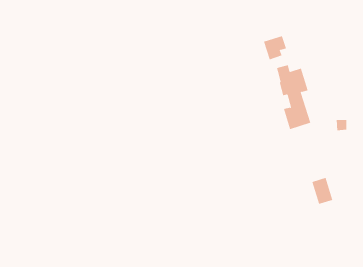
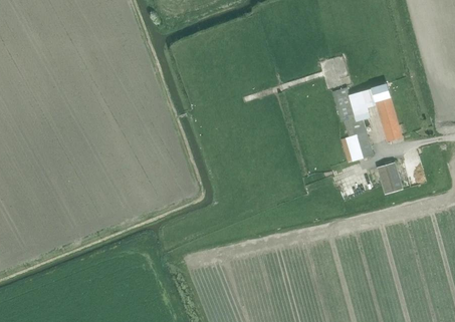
building: none -> [372,83,403,141]
building: [311,177,333,204] -> [378,163,403,194]

